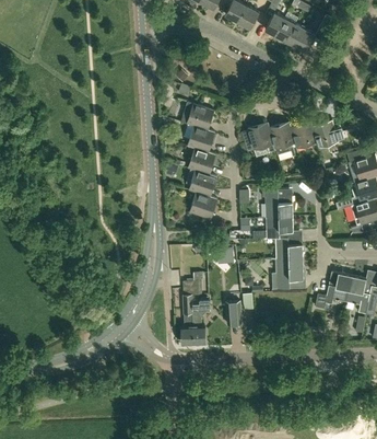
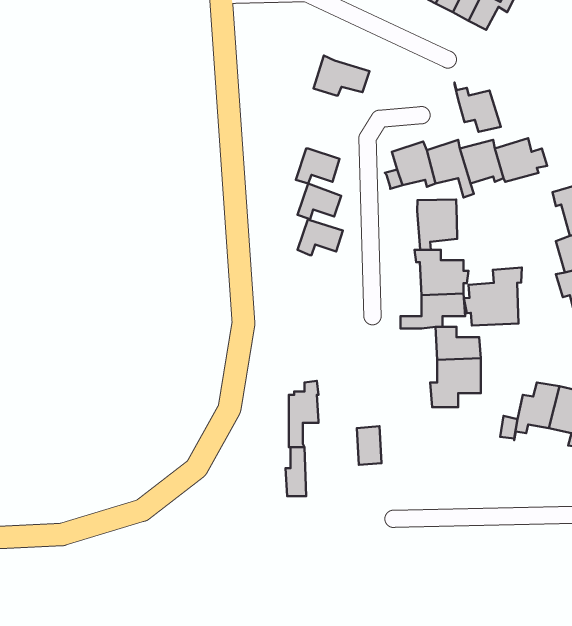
building: none -> [455,82,501,132]
building: [180,102,215,127] -> [313,55,369,96]
building: none -> [417,200,457,250]
building: [190,194,219,218] -> none
building: none -> [464,267,522,326]
building: [192,298,210,345] -> none

